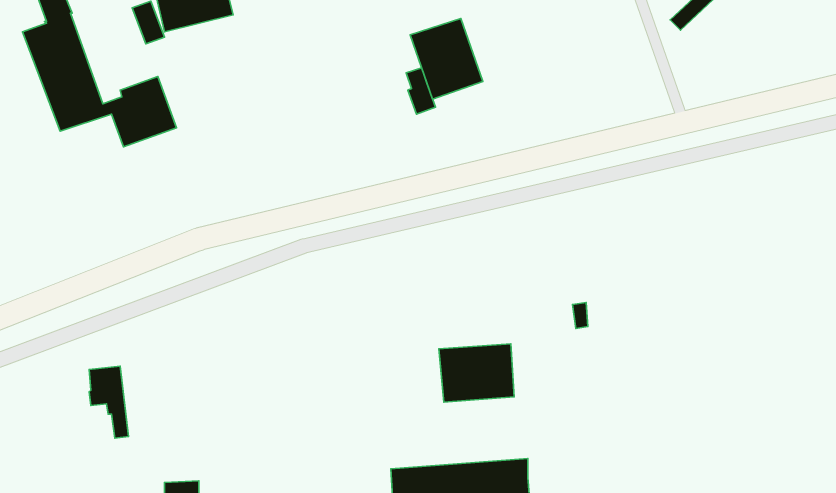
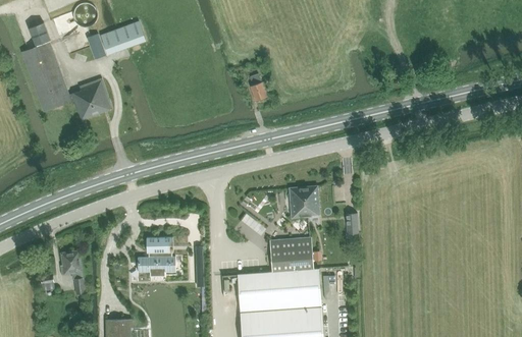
building: [410,19,483,99] -> none
building: none -> [289,186,318,218]
building: none -> [137,236,175,272]
building: none -> [237,268,321,312]

